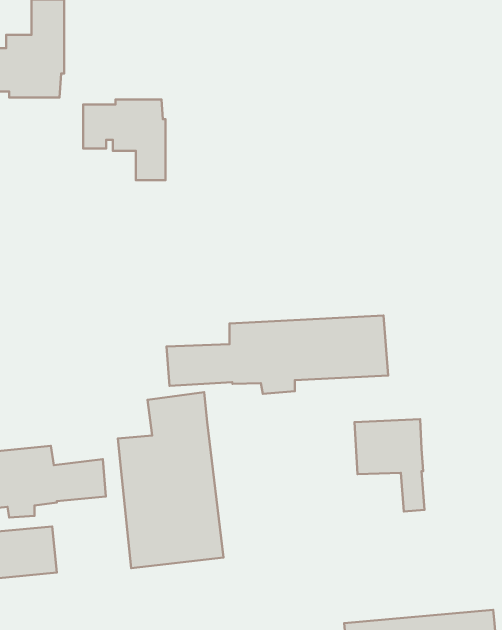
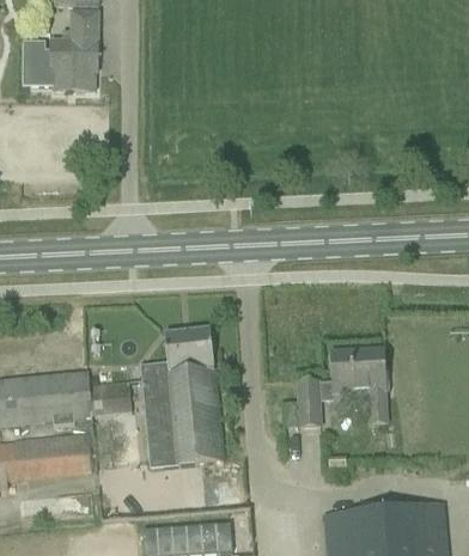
building: [83,100,165,180] -> none
building: [167,315,388,394] -> none
building: none -> [298,380,321,427]

